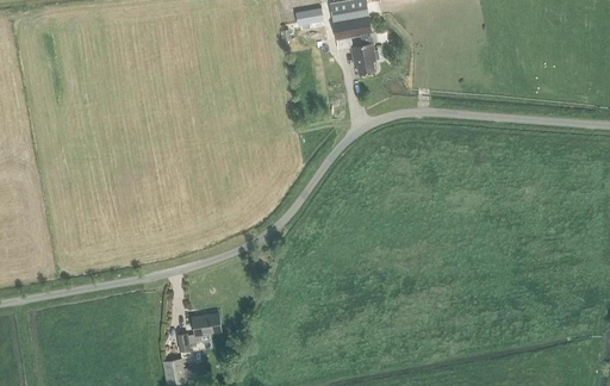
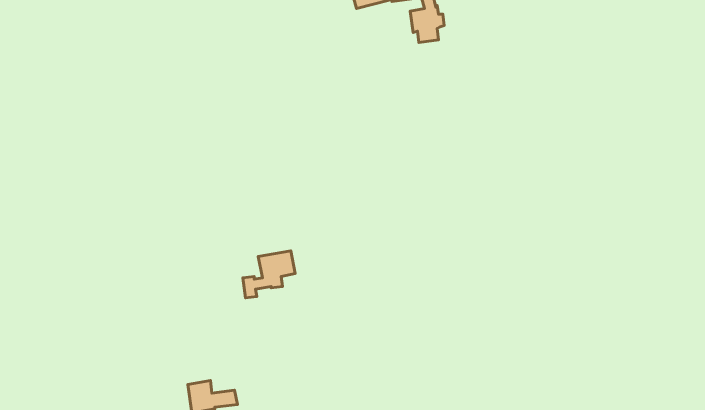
building: [178,312,222,351] -> [243,251,295,298]

